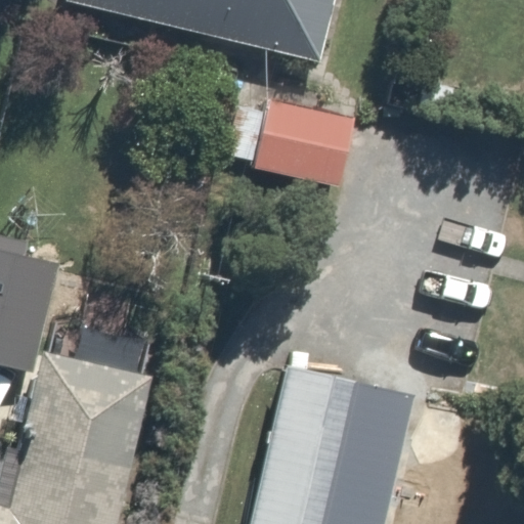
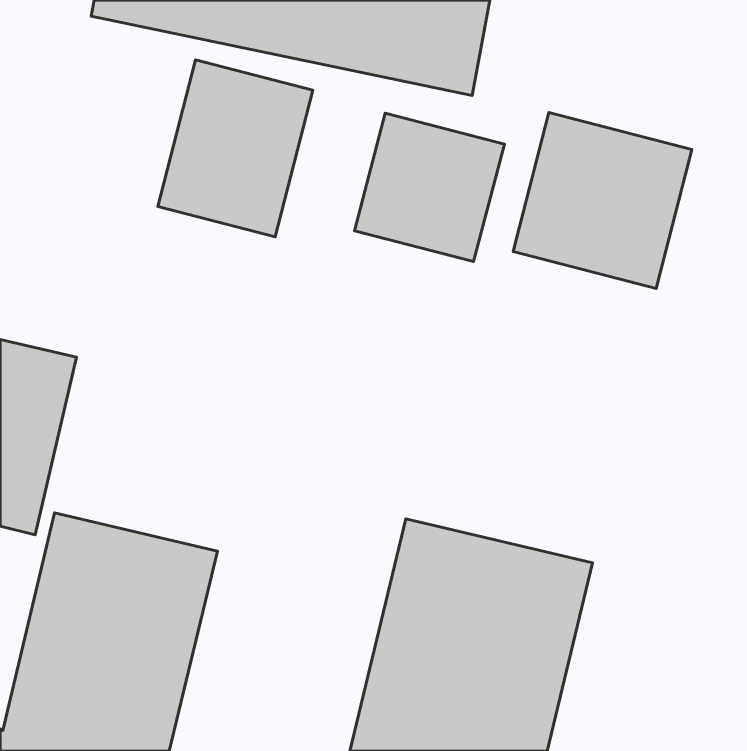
building: none -> [158,60,313,237]
building: none -> [513,112,692,289]

